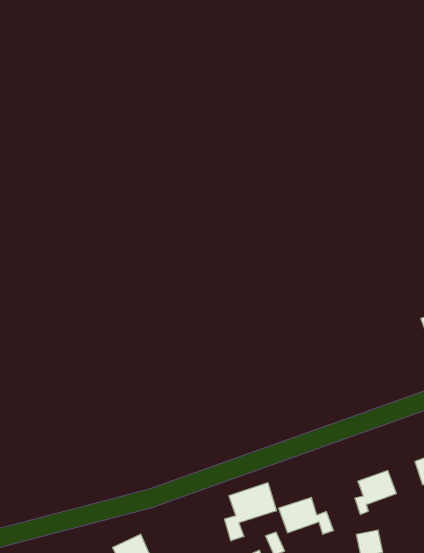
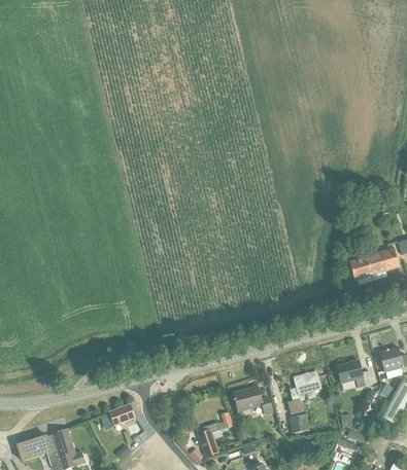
building: [224,483,276,541] -> none

